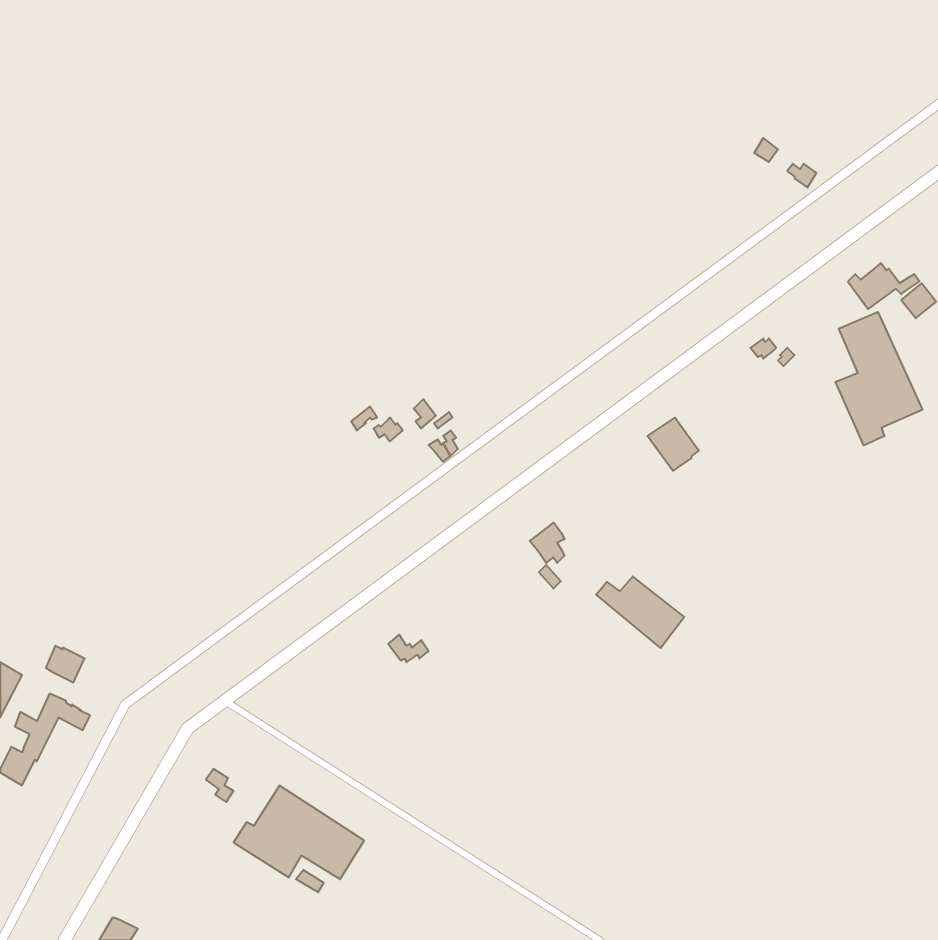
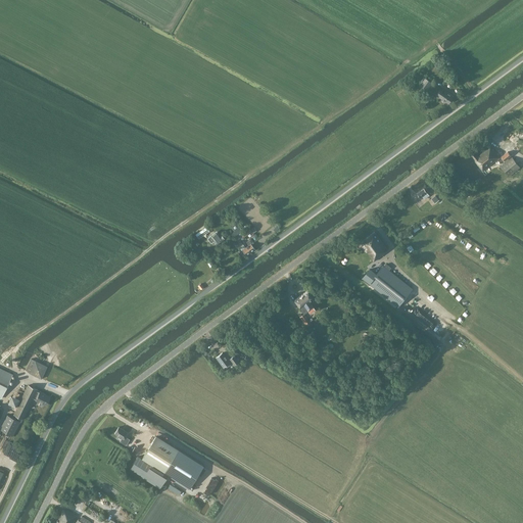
building: [836,312,922,445] -> none
building: [596,576,684,648] -> [364,267,413,306]

